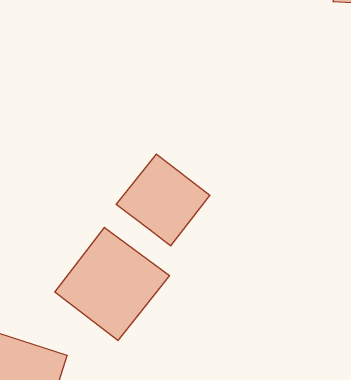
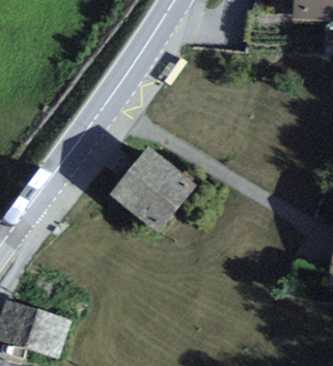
building: [55,227,169,341] -> none

